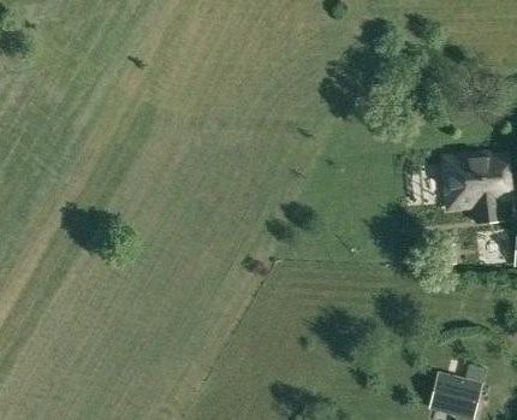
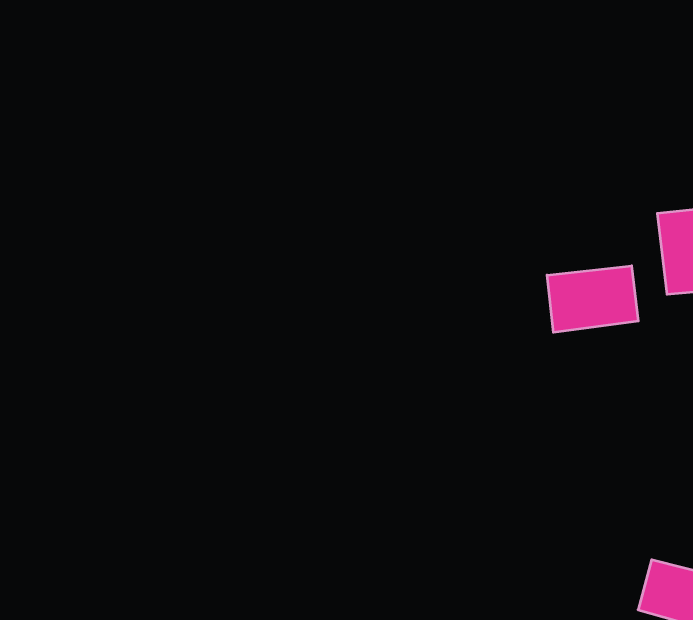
building: none -> [547,266,638,332]

